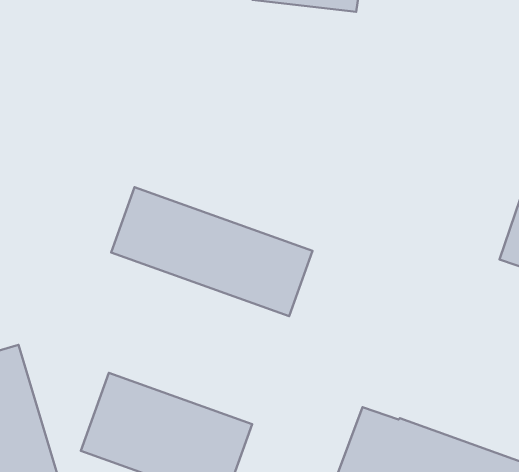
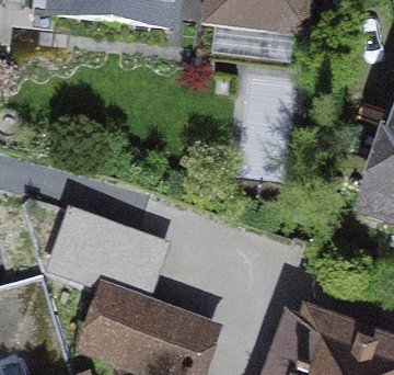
building: [111,187,312,316] -> none

